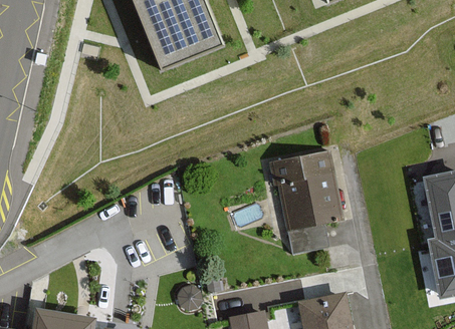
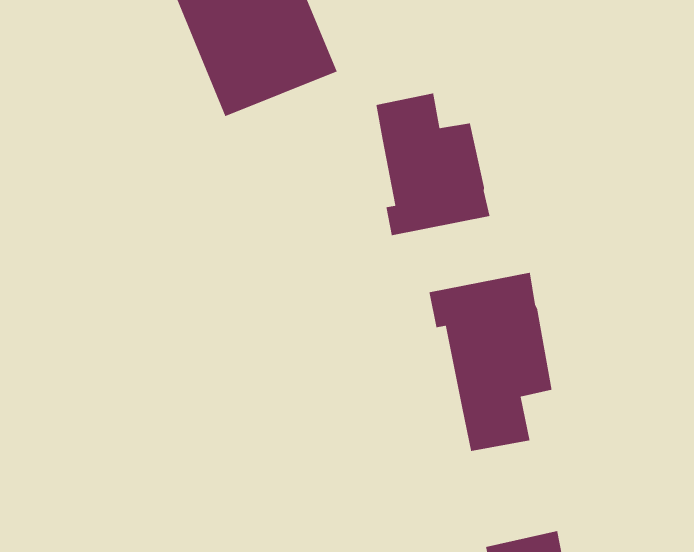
building: none -> [376,92,490,236]

